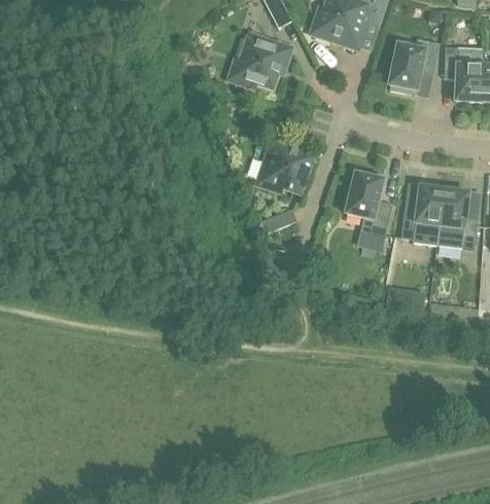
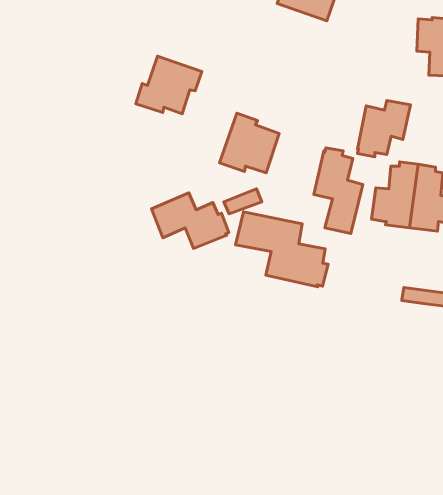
building: [228,34,290,88] -> [136,56,202,114]
building: [388,39,439,93] -> [357,100,411,157]
building: none -> [152,193,229,248]
building: none -> [235,212,328,287]

